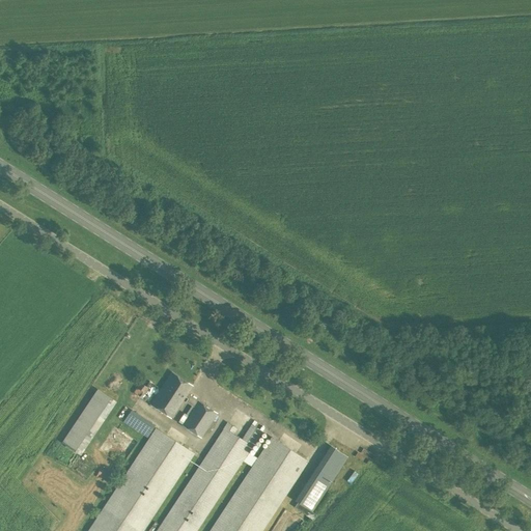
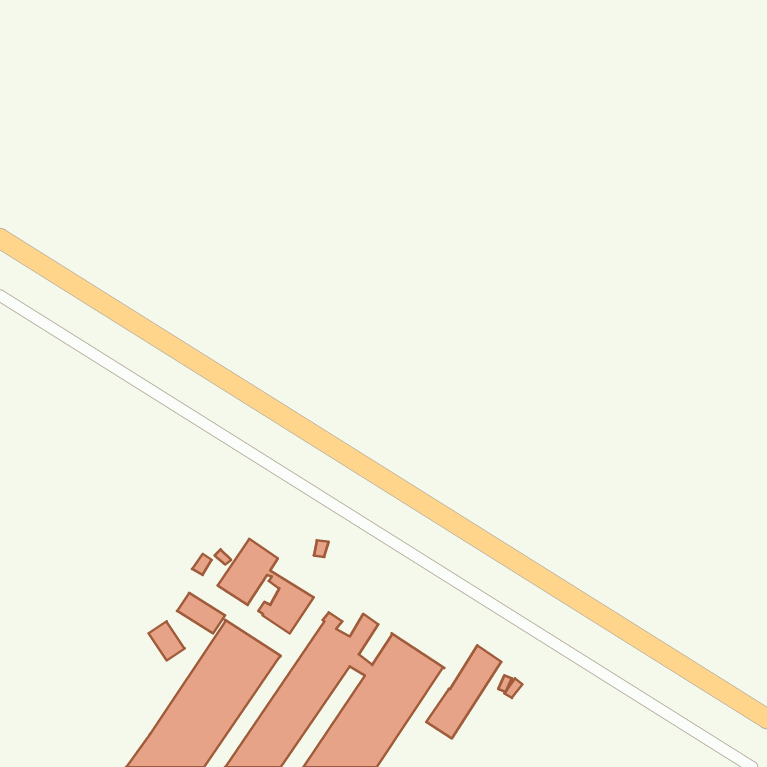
building: [61,389,115,455] -> none

